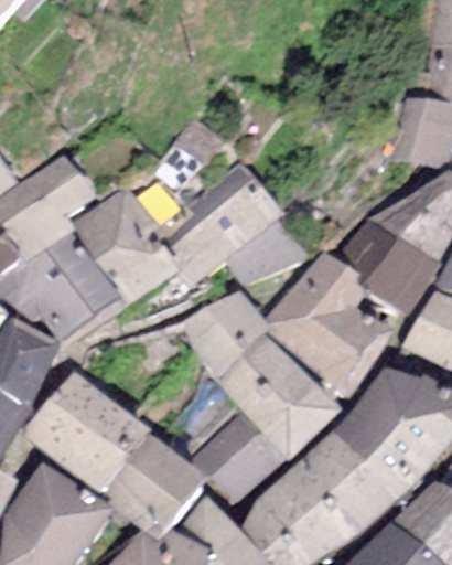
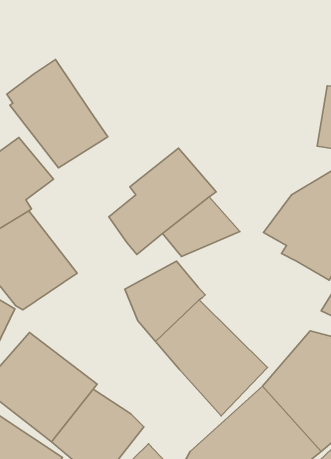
building: [69,184,182,305] -> [7,60,108,168]
building: [261,254,391,399] -> none
building: [186,412,287,505] -> none

